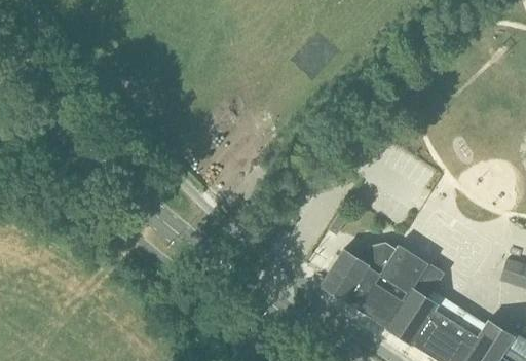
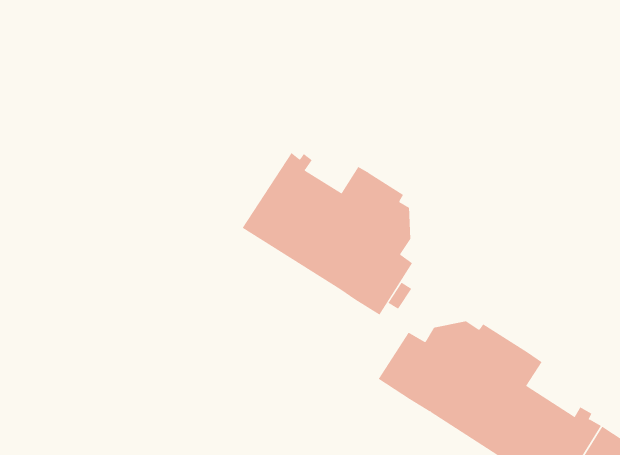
building: none -> [242,152,413,315]

